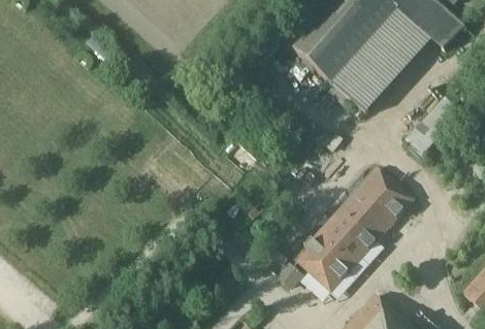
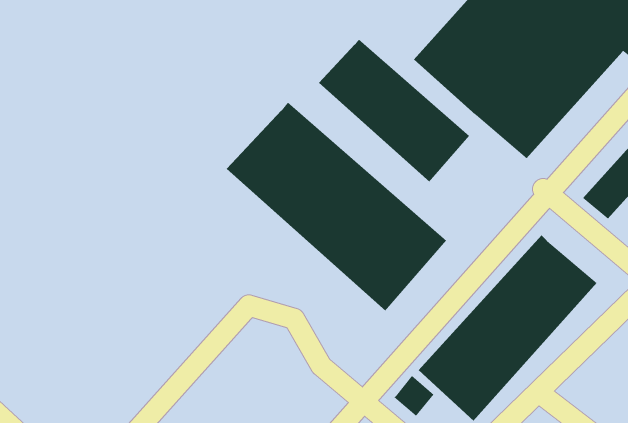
building: none -> [318,39,470,183]
building: none -> [226,101,447,311]

